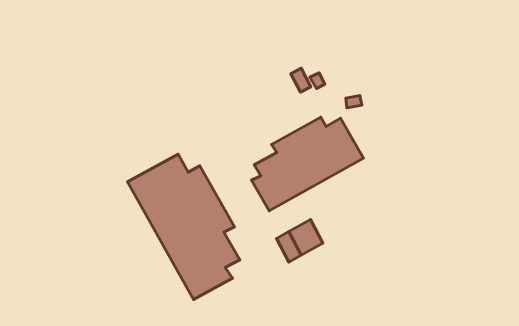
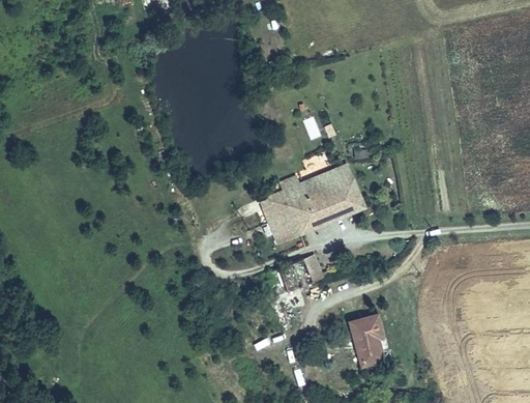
building: [128,154,240,300] -> none
building: none -> [352,312,386,364]

